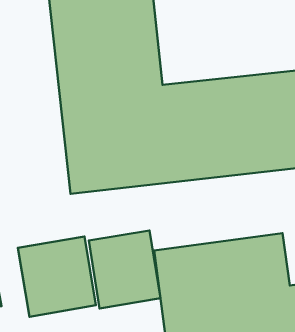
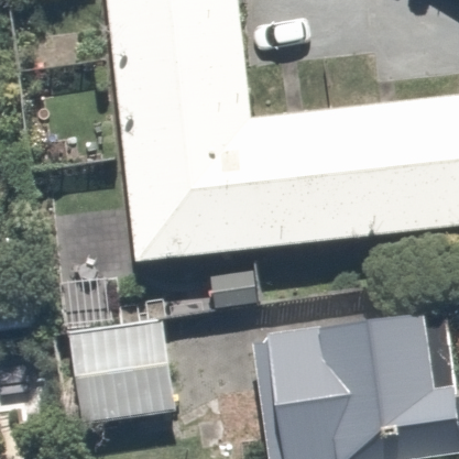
building: [89,230,160,308] -> none

